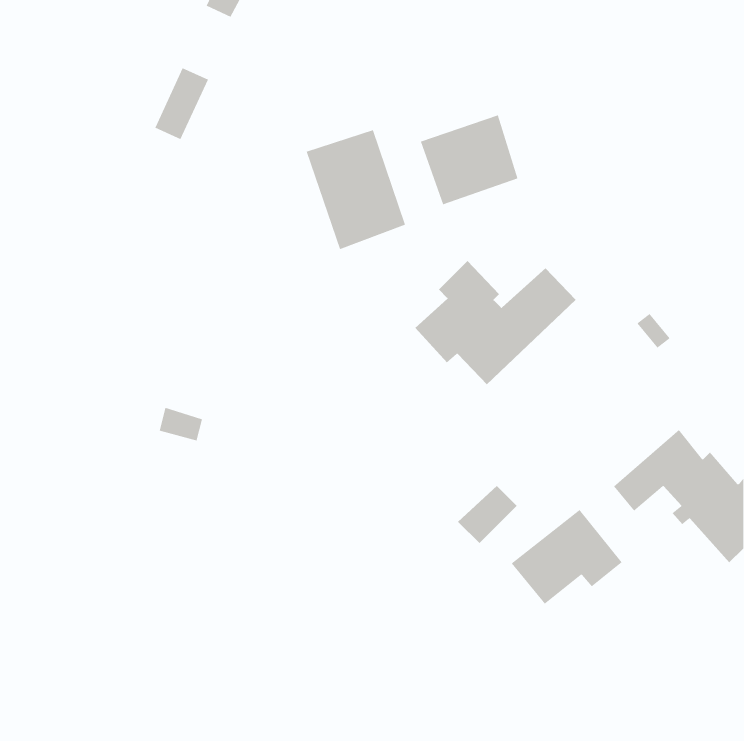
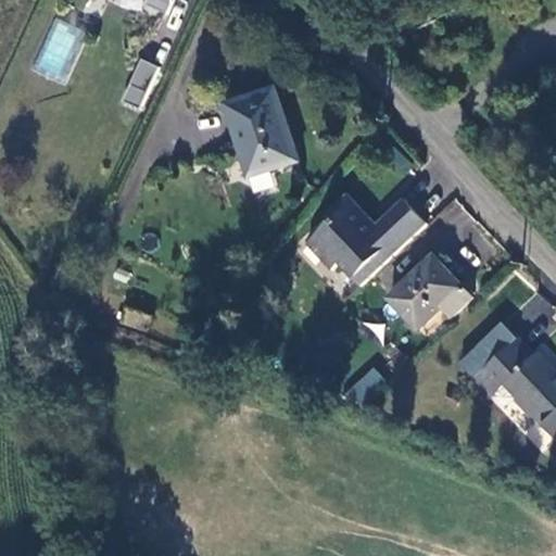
building: [420,114,518,205] -> none
building: [511,509,622,605] -> [386,260,468,330]

